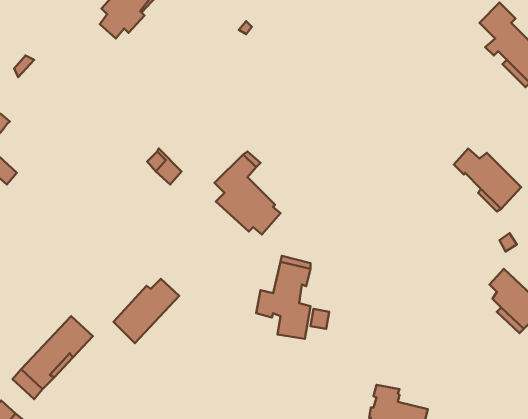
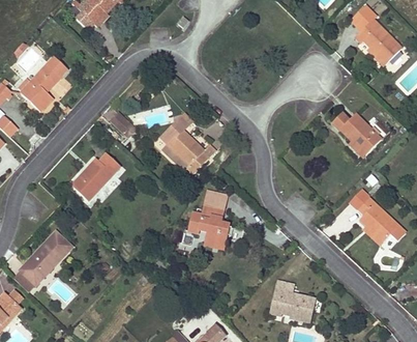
building: none -> [19,57,66,111]
building: [113,279,179,343] -> [72,154,120,201]

